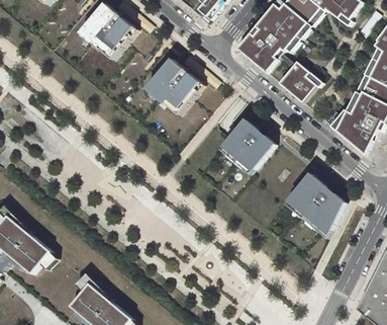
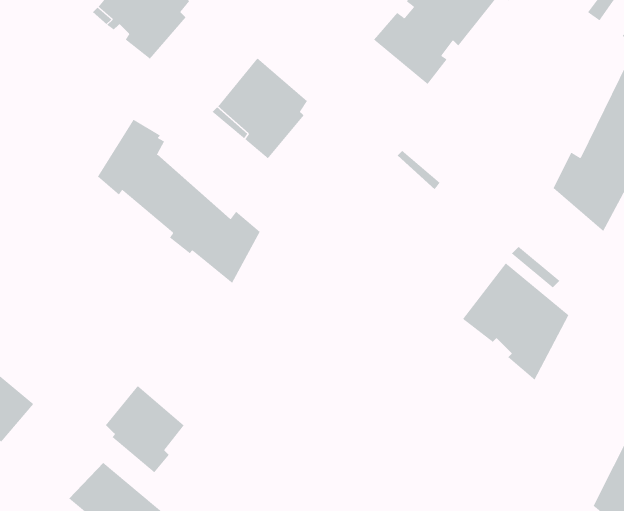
building: [279,61,316,102] -> none
building: none -> [97,119,260,284]
building: [221,118,274,173] -> none
building: none -> [105,385,185,473]

